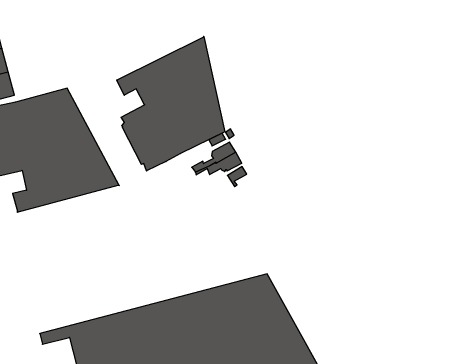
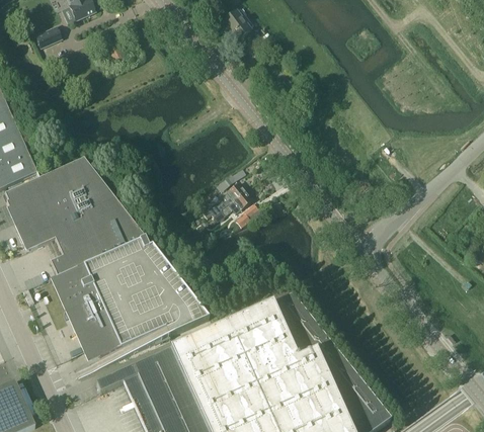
building: [117,36,225,171] -> none
building: none -> [52,236,208,363]

